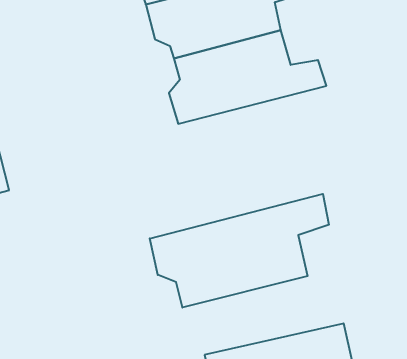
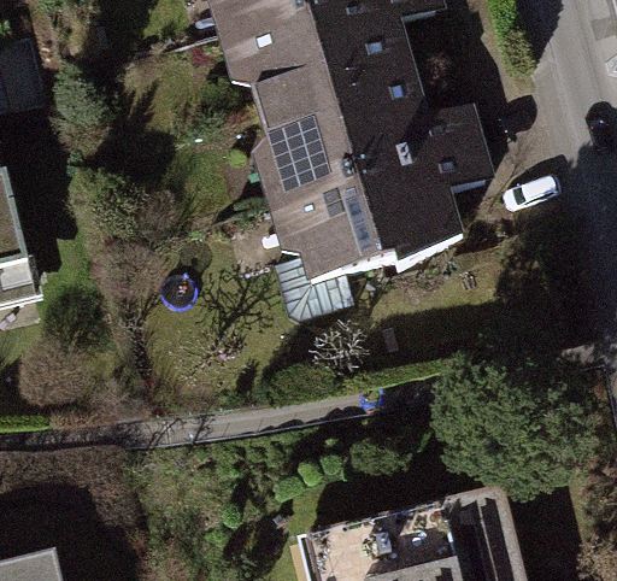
building: none -> [266,142,493,276]
building: [150,194,329,308] -> none

